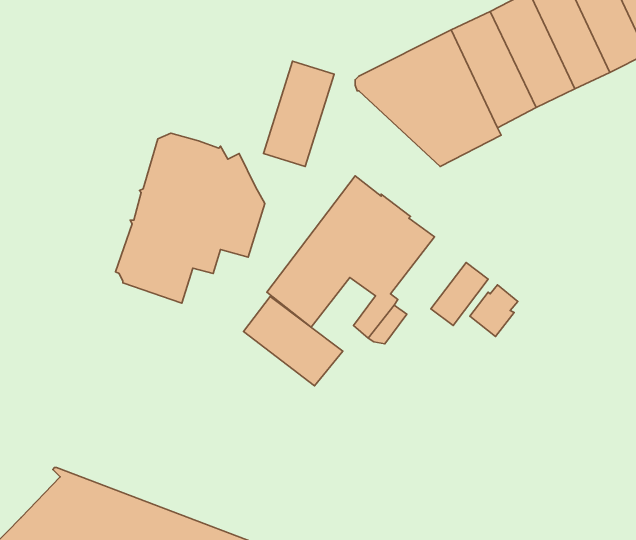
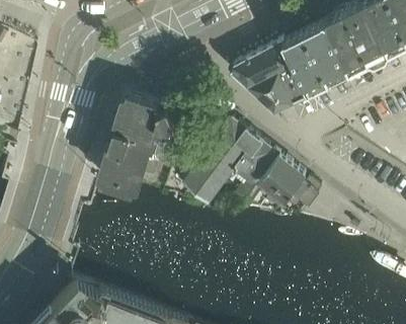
building: [264,61,334,167] -> none
building: none -> [261,159,294,195]
building: [244,296,343,386] -> none

